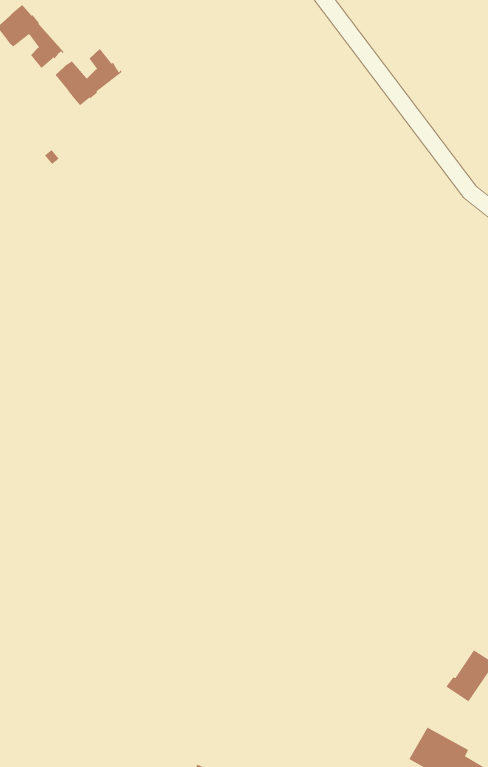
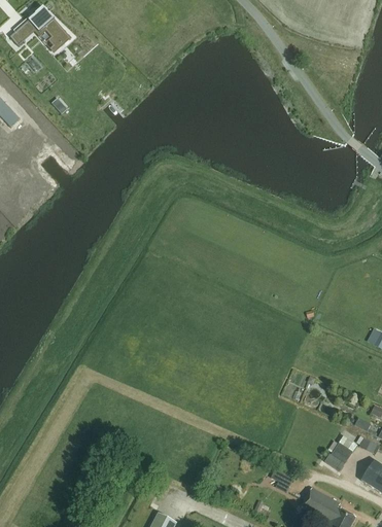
building: [55,48,122,106] -> none

